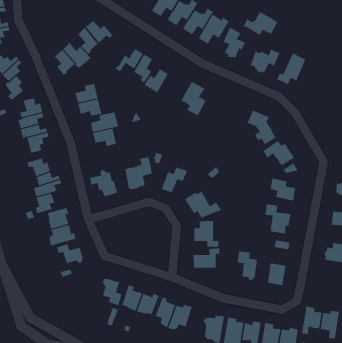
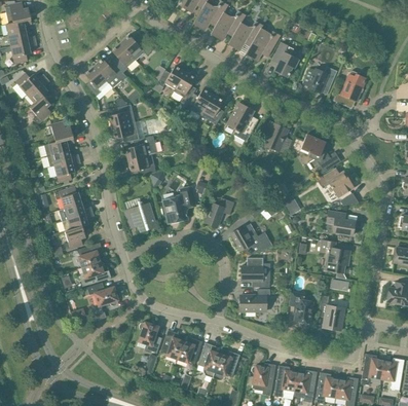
building: [243,11,278,36] -> none
building: none -> [200,94,223,124]
building: none -> [264,121,290,156]

